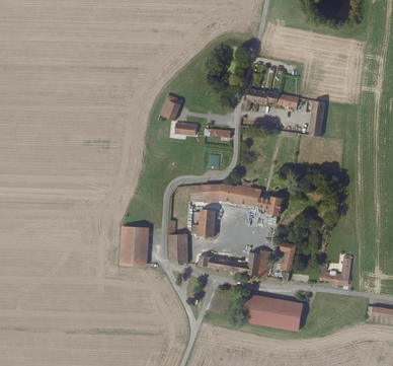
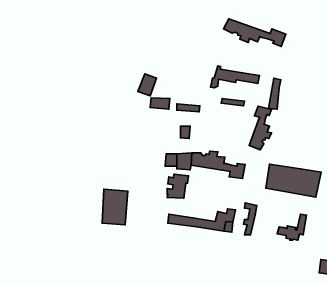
building: none -> [223,19,286,46]
building: none -> [249,106,272,150]
building: [169,221,187,263] -> none
building: [241,293,304,331] -> [266,164,321,197]

